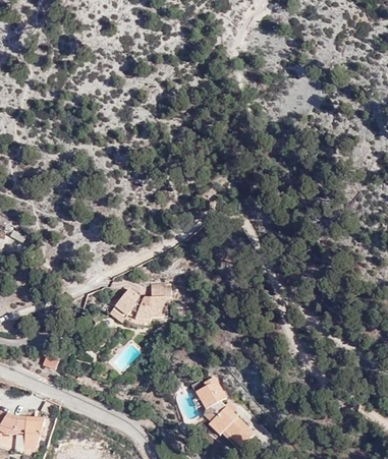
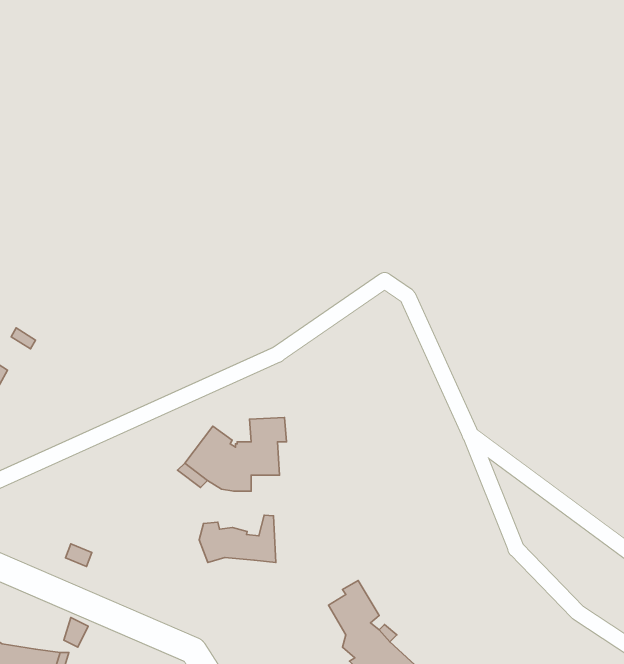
building: none -> [199,515,276,563]

